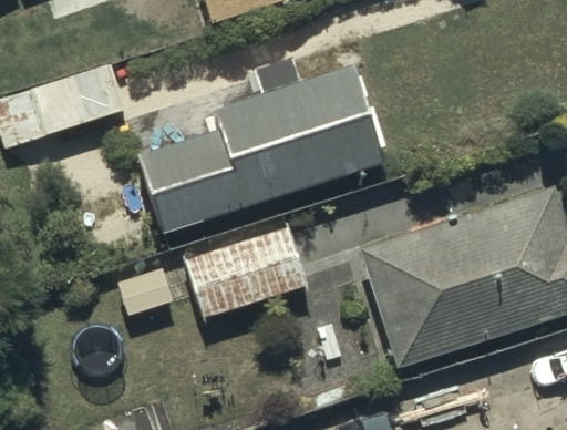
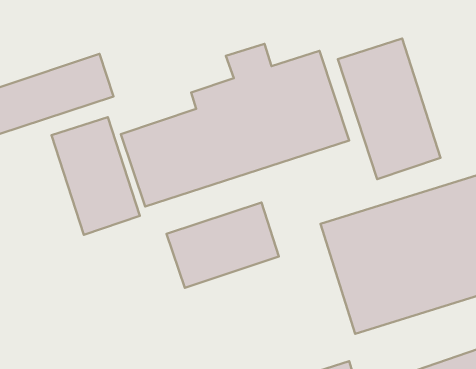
building: none -> [338,39,440,179]
building: none -> [51,117,140,235]

